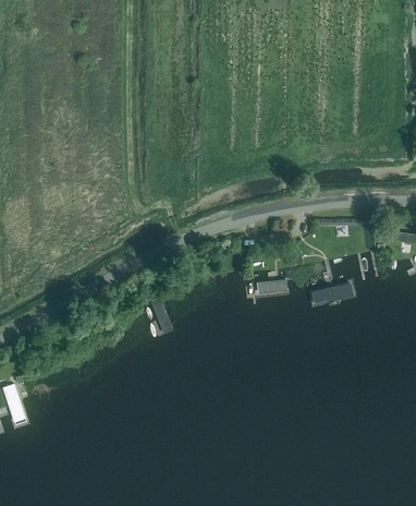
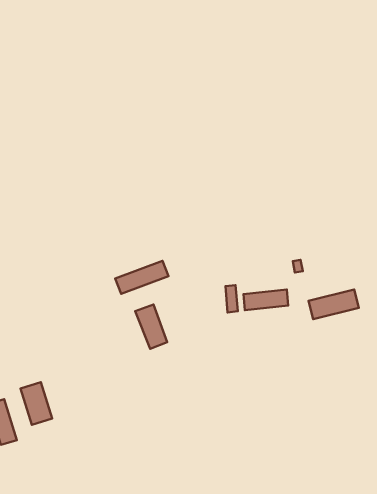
building: none -> [115,261,168,294]
building: none -> [21,382,52,425]

